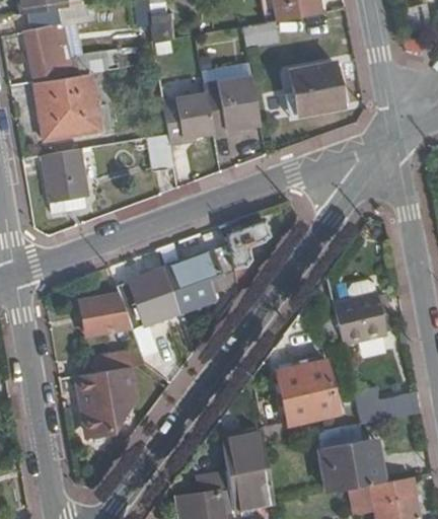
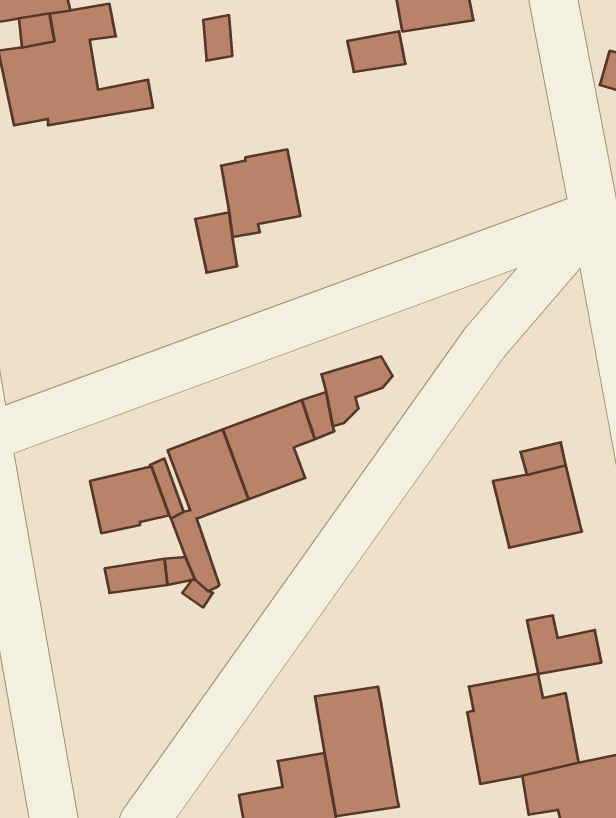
building: [289,63,342,115] -> none
building: [32,73,114,139] -> none
building: [203,78,261,140] -> none
building: [41,149,85,213] -> none
building: [279,360,340,422] -> none
building: [75,371,137,443] -> none

